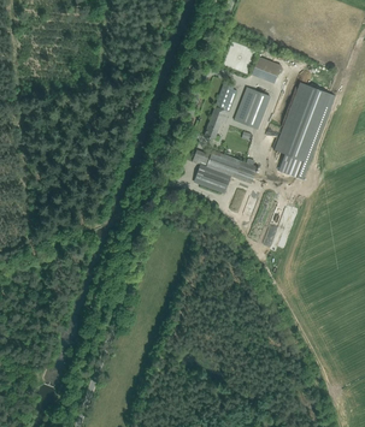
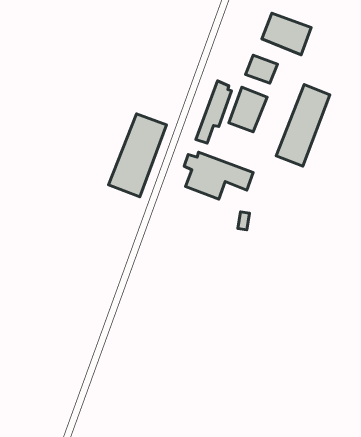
building: none -> [262,13,311,55]
building: none -> [109,114,167,197]

